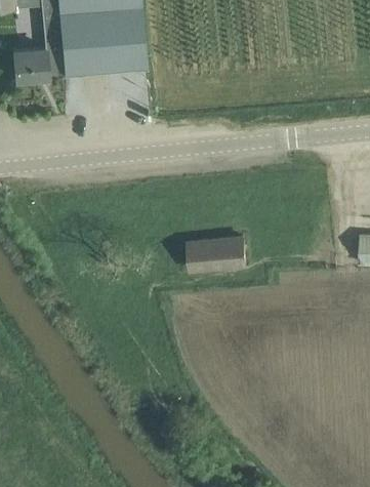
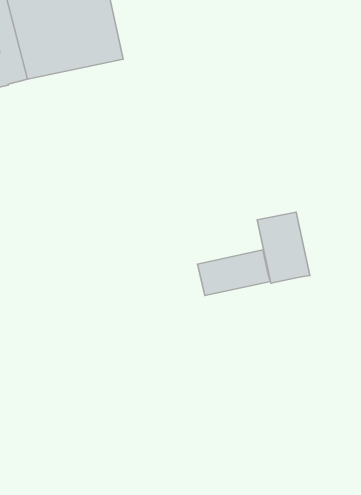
building: none -> [257,212,310,283]

